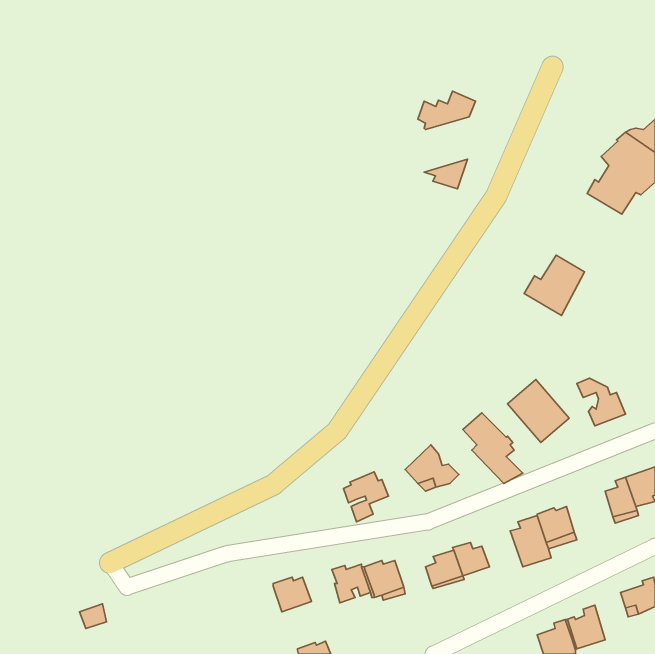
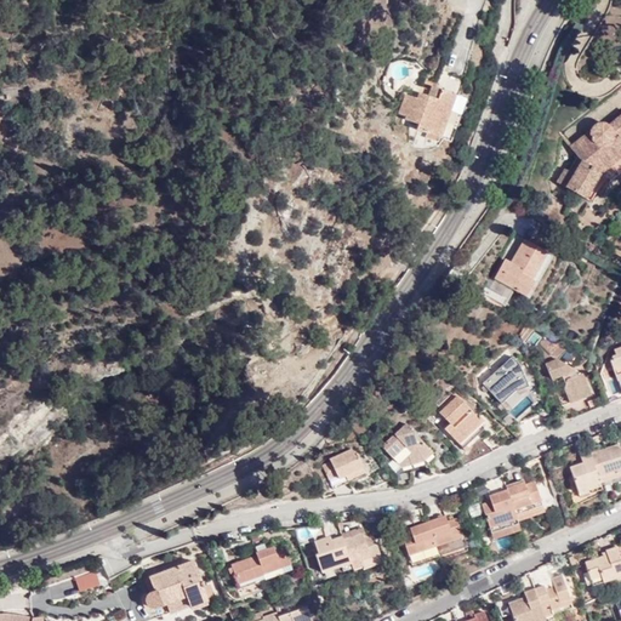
building: [424,159,468,189] -> [403,110,444,138]
building: none -> [234,554,267,587]
building: none -> [147,563,209,609]

